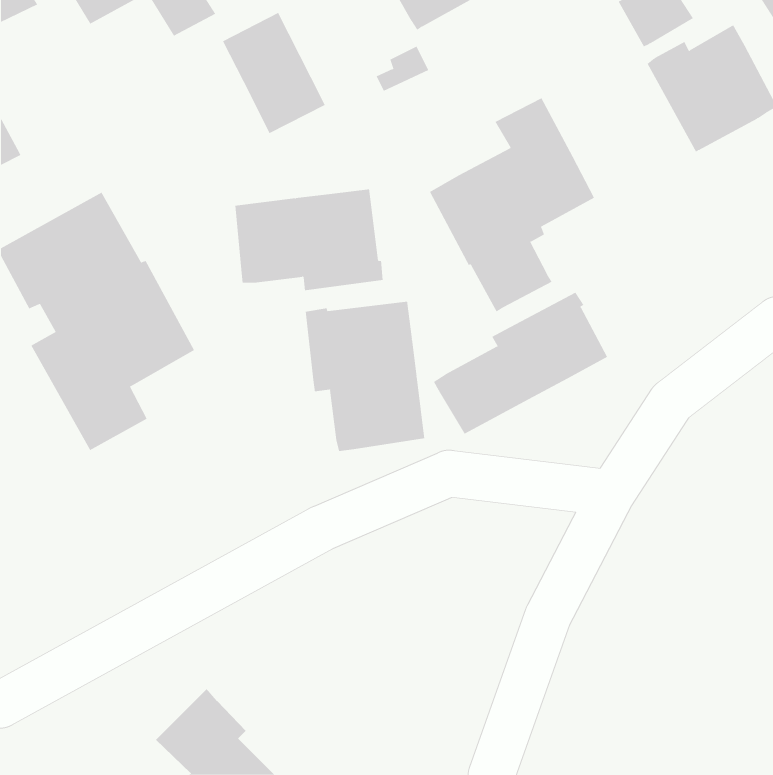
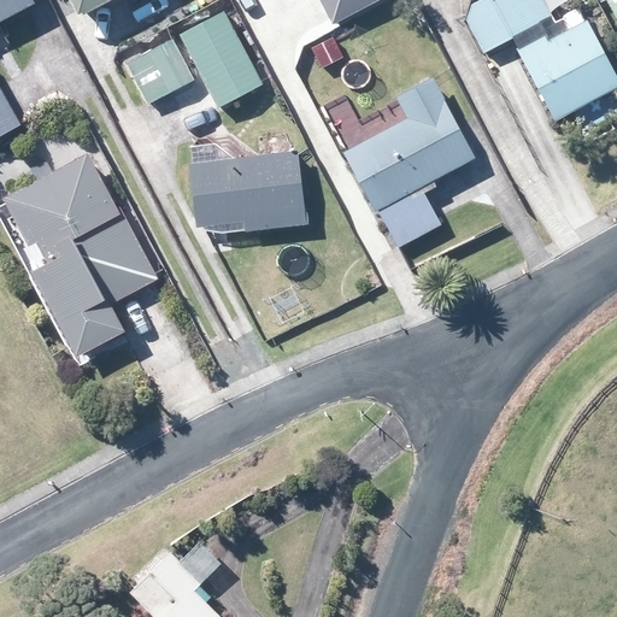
building: none -> [127,37,194,101]
building: [433,292,608,435] -> none
building: [305,301,425,452] -> none

